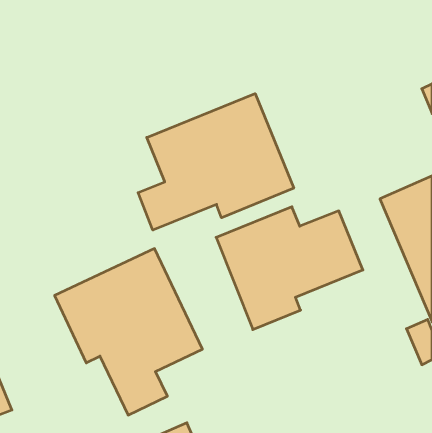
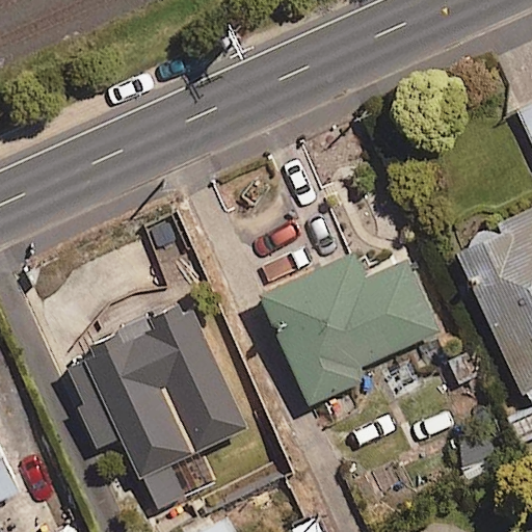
building: [138,94,294,230] -> none

